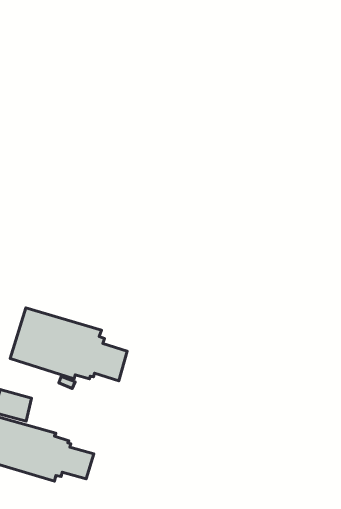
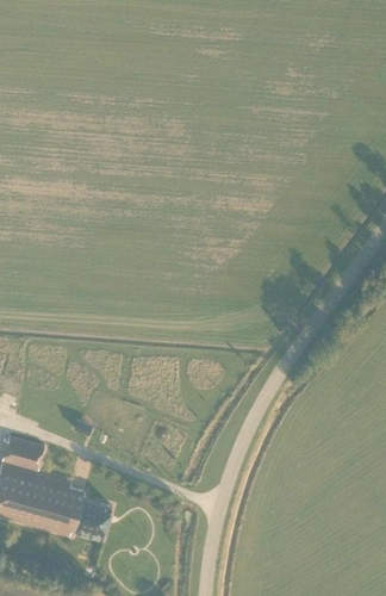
building: [10,308,127,381] -> none

